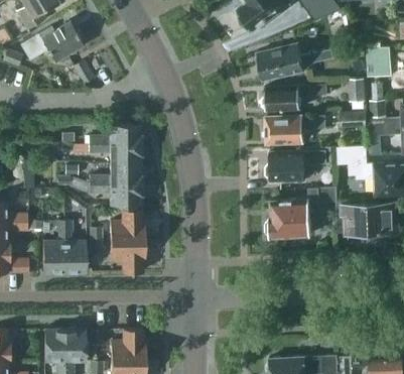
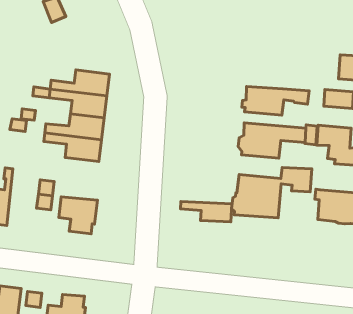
building: [255,45,331,81] -> none
building: [263,86,331,112] -> none
building: [110,210,144,241] -> none
building: [63,220,86,273] -> none
building: none -> [181,201,232,222]

